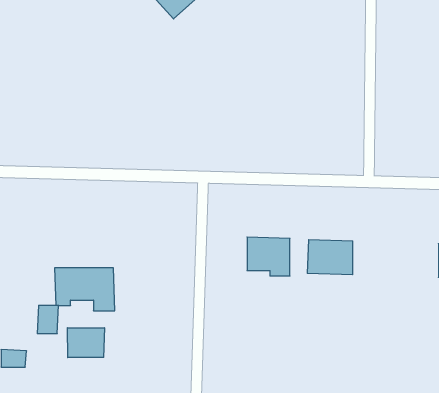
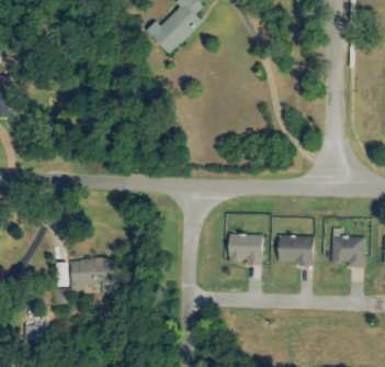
building: none -> [332,235,365,267]
building: [67,328,104,358] -> none

